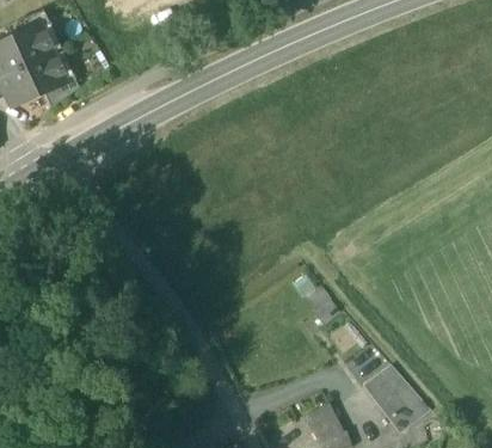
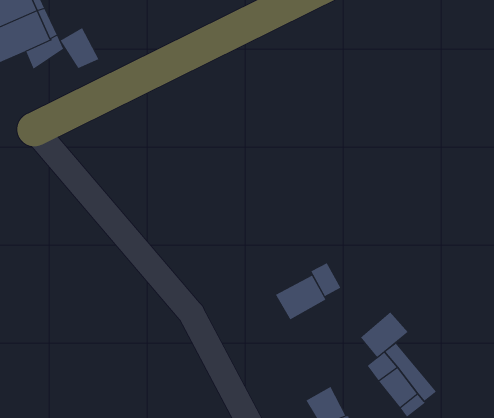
building: none -> [60,27,99,69]
building: none -> [275,275,326,320]
building: none -> [360,311,409,358]

